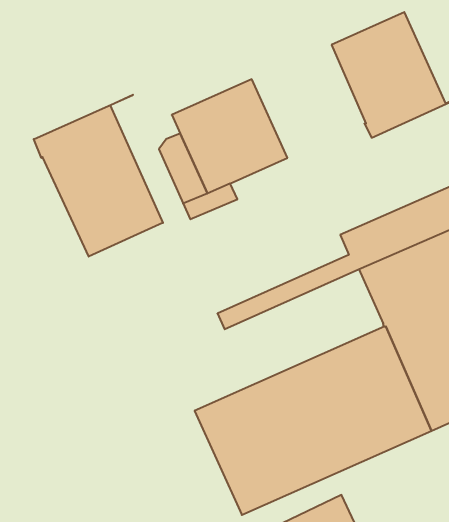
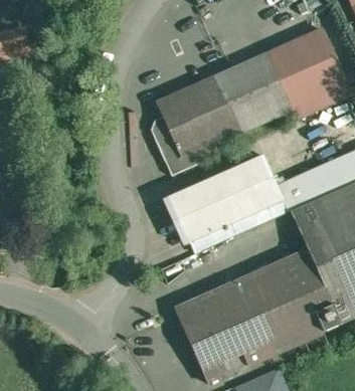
building: none -> [213,52,294,132]
building: [34,95,163,257] -> none
building: none -> [162,155,282,244]

